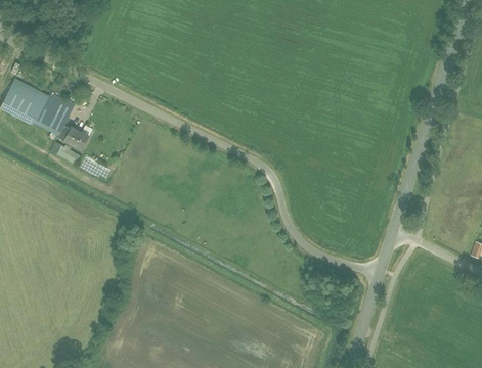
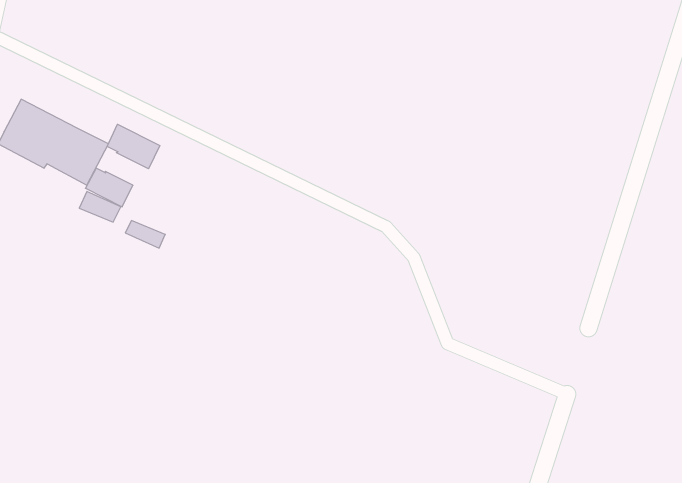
building: none -> [107,124,160,169]

